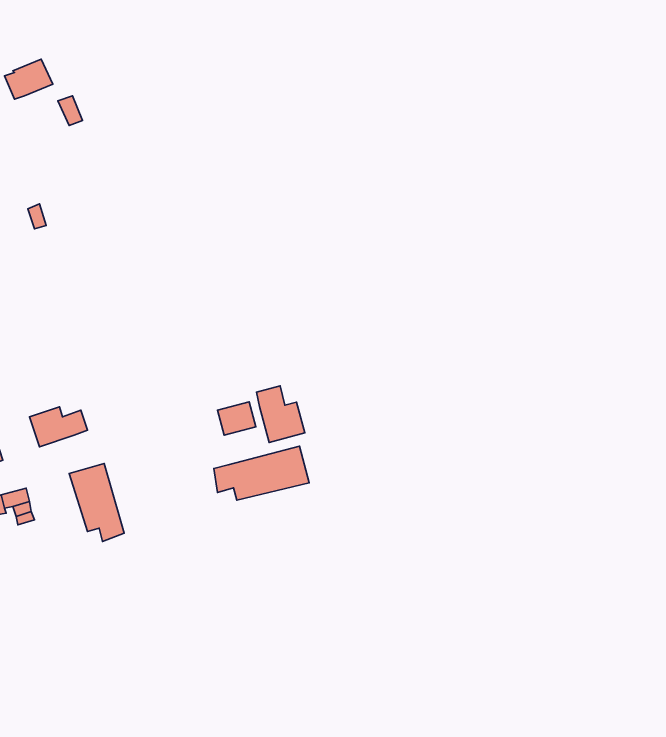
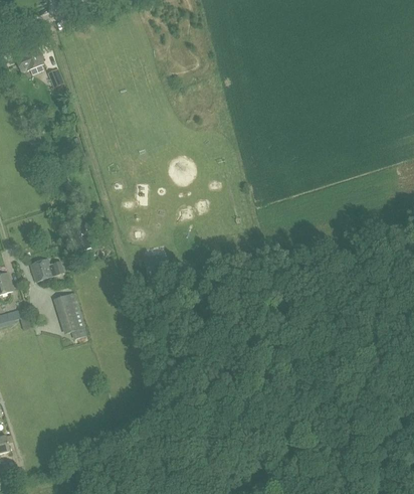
building: [256,386,305,442] -> none
building: [214,446,309,500] -> none

